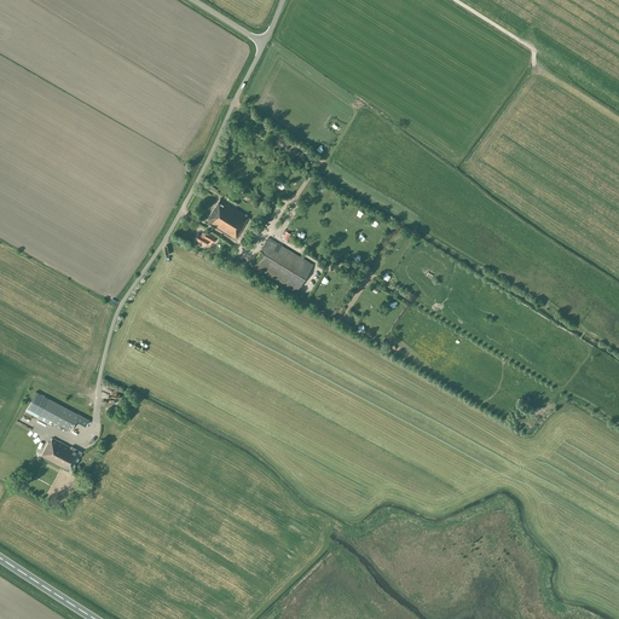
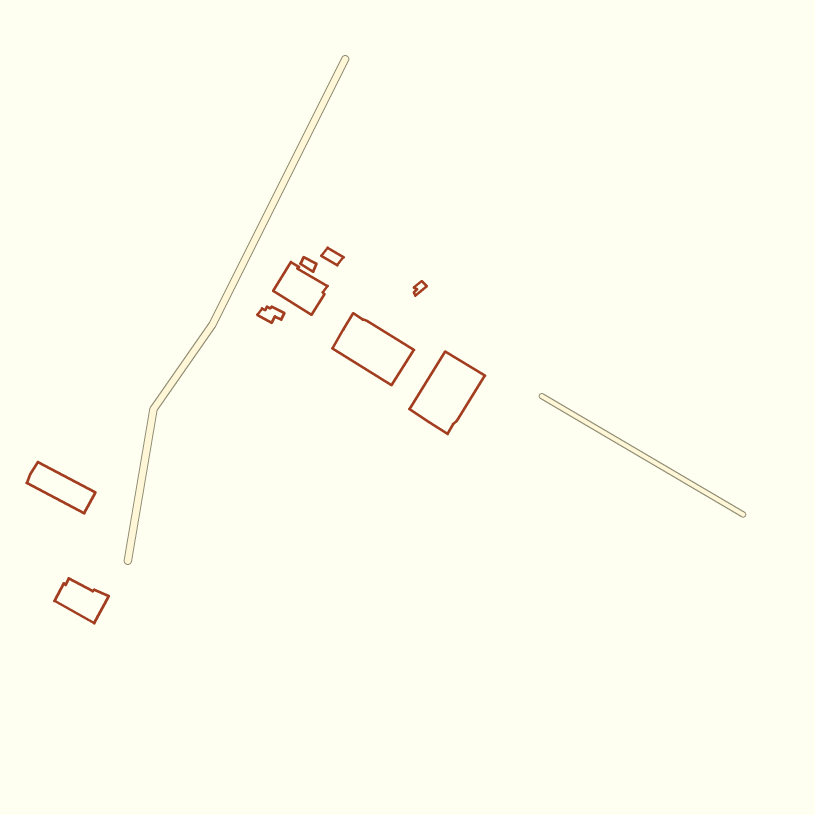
building: none -> [409,352,485,434]
building: [28,393,80,432] -> [27,462,95,513]

